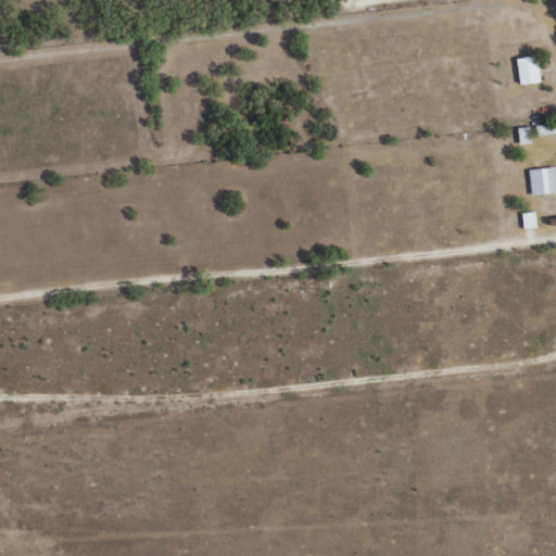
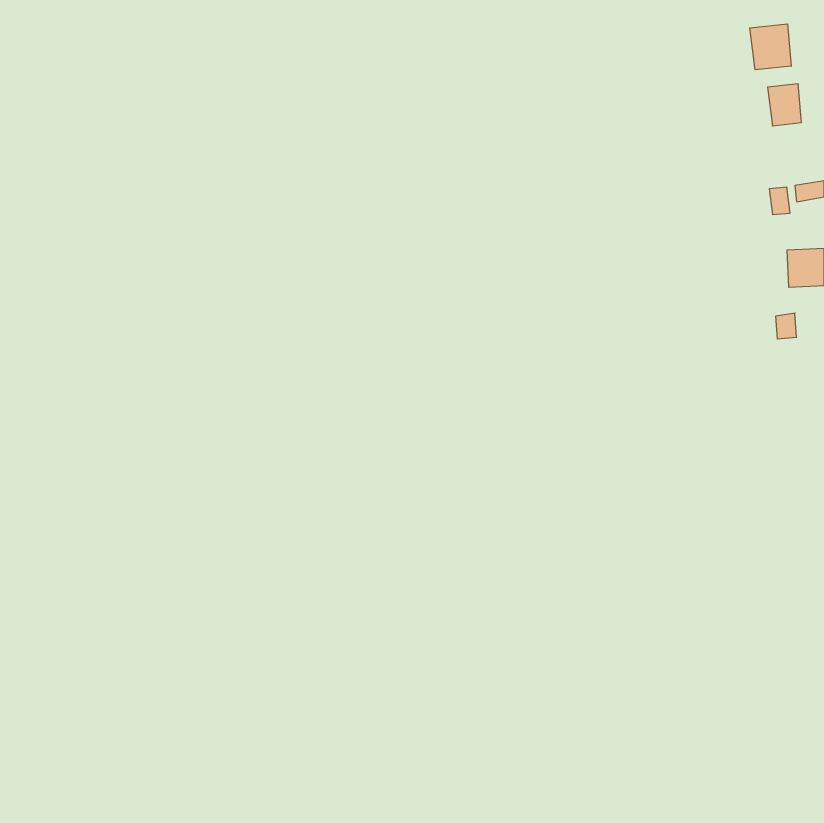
building: none -> [750,24,791,70]

